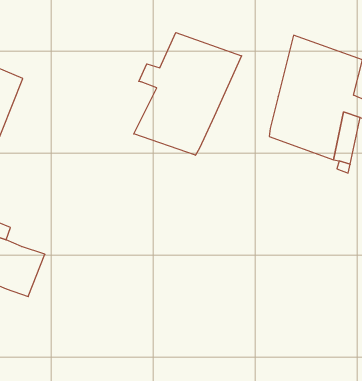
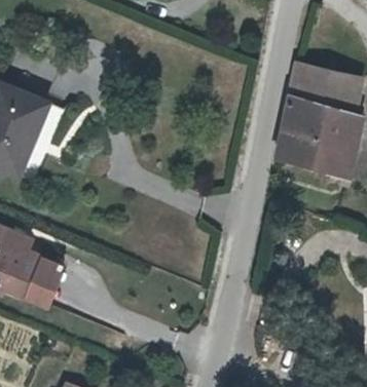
building: [134,33,242,155] -> none

